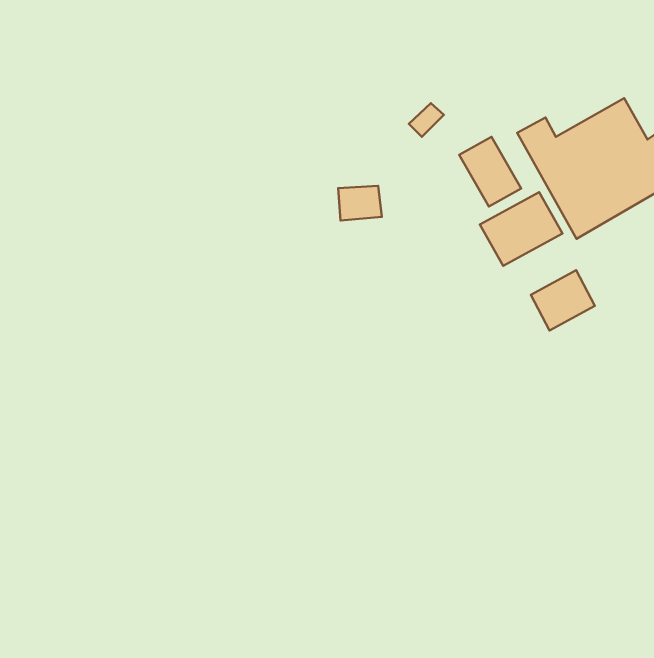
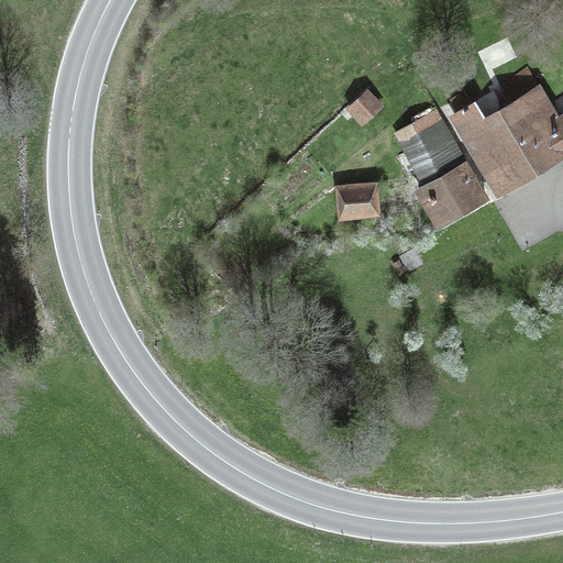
building: [338,186,382,221] -> [345,184,383,213]
building: [531,270,595,330] -> none

